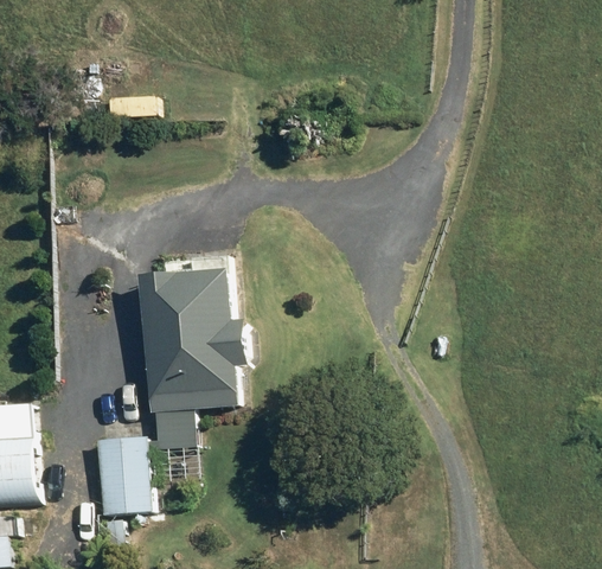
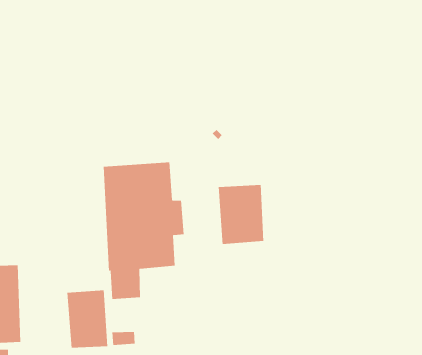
building: none -> [218,184,264,245]

